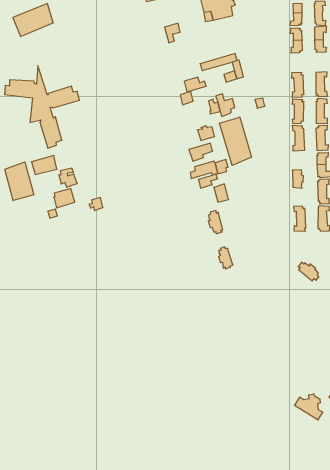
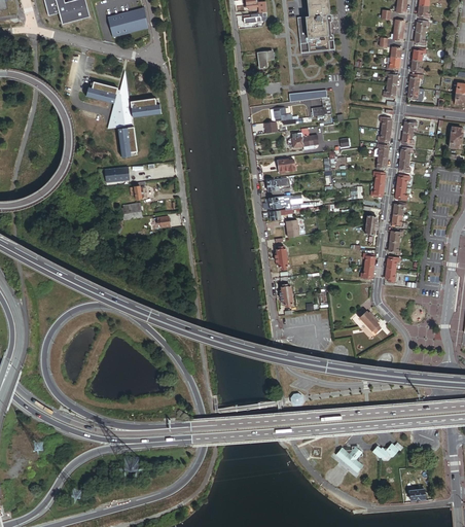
building: [219,117,251,165] -> none
building: [5,162,34,201] -> none

